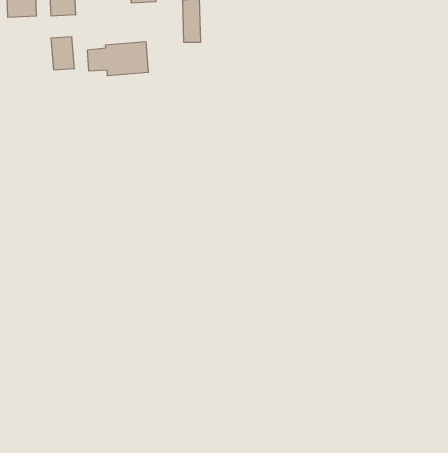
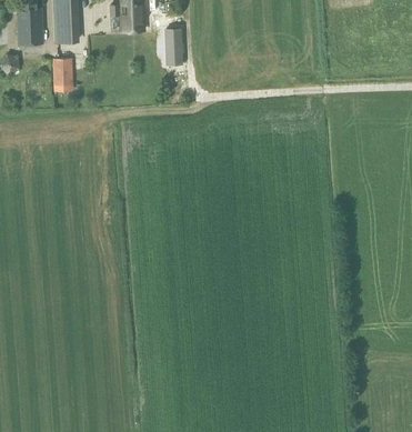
building: [88,42,148,76] -> none

